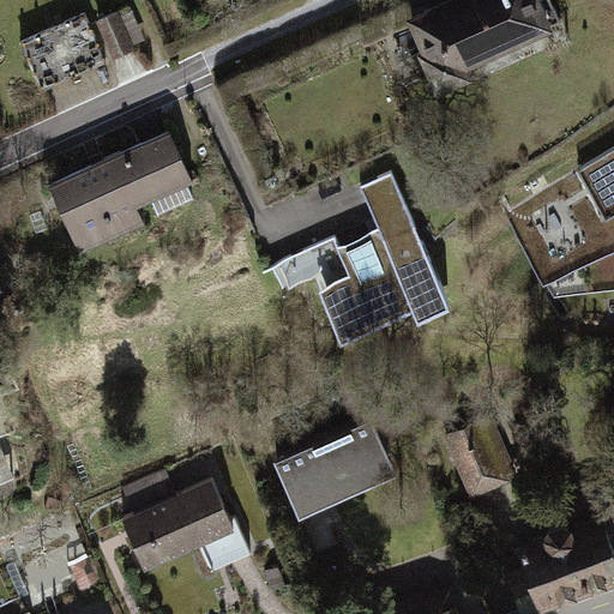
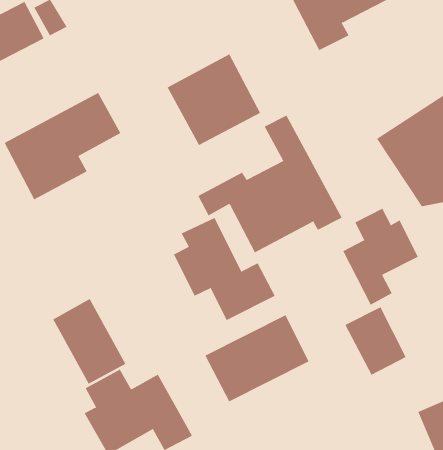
building: none -> [167,53,261,146]
building: none -> [173,217,276,321]
building: none -> [342,208,418,306]
building: none -> [52,298,126,384]

